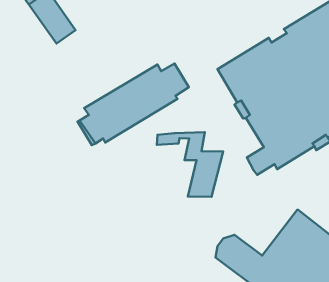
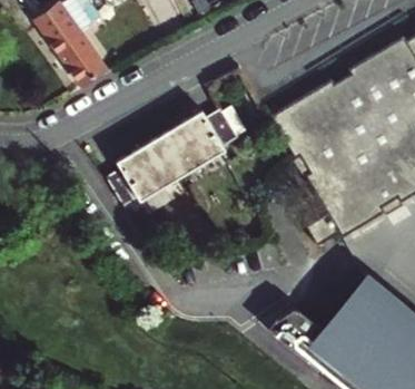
building: [157,132,223,197] -> none

